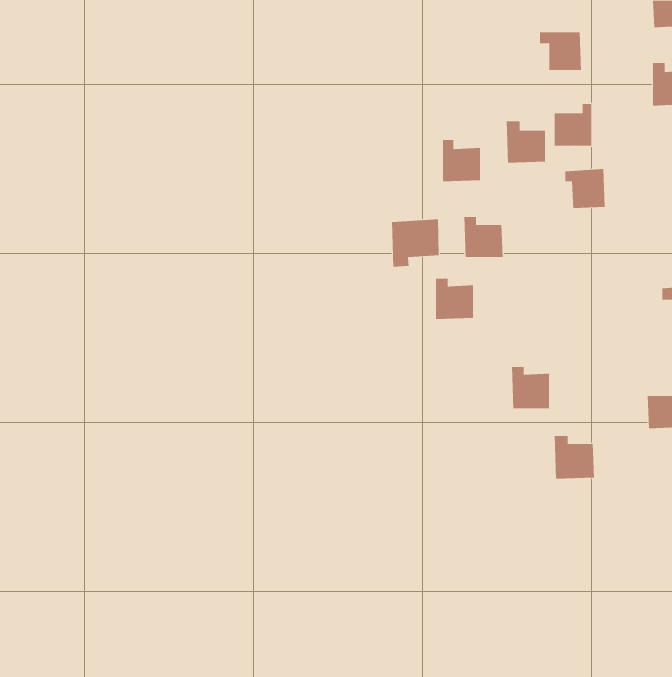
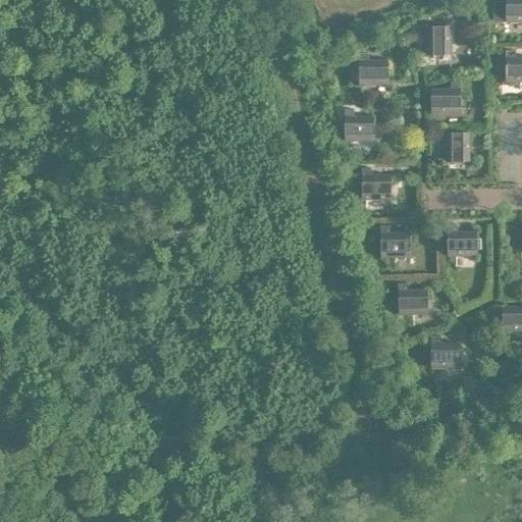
building: [506,121,546,163] -> [358,52,388,85]
building: [391,219,439,268] -> none
building: [435,278,474,319] -> [380,225,410,257]
building: none -> [446,223,477,256]

